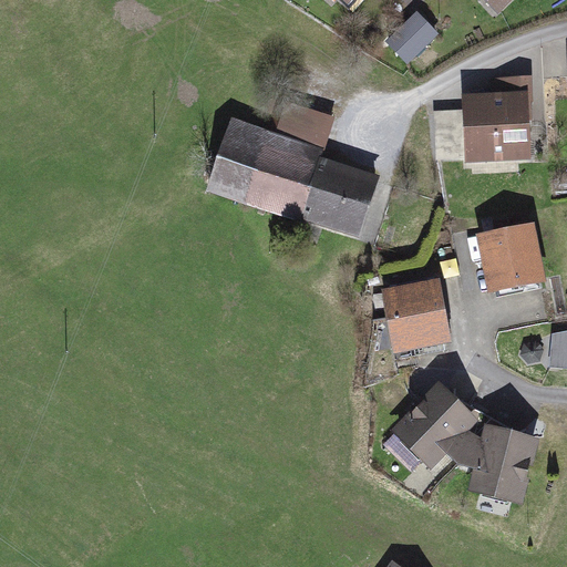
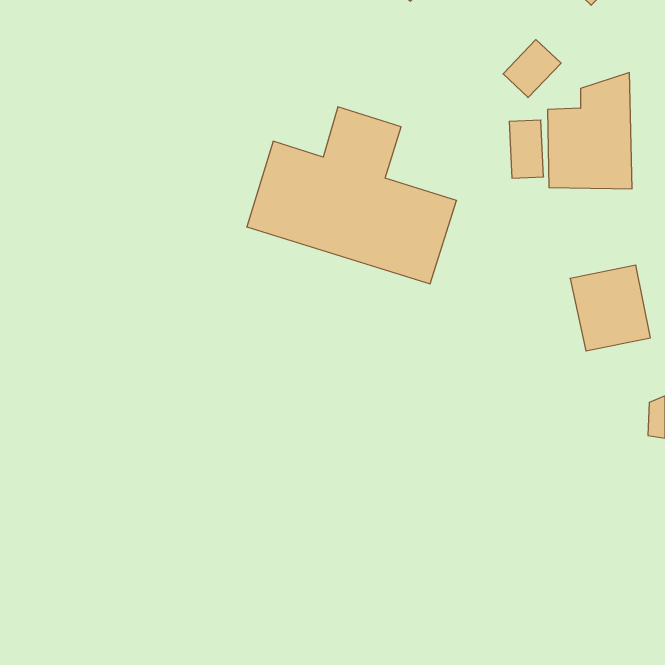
building: [383,9,432,58] -> [503,40,561,98]
building: [383,278,454,353] -> none
building: [393,384,539,505] -> none

